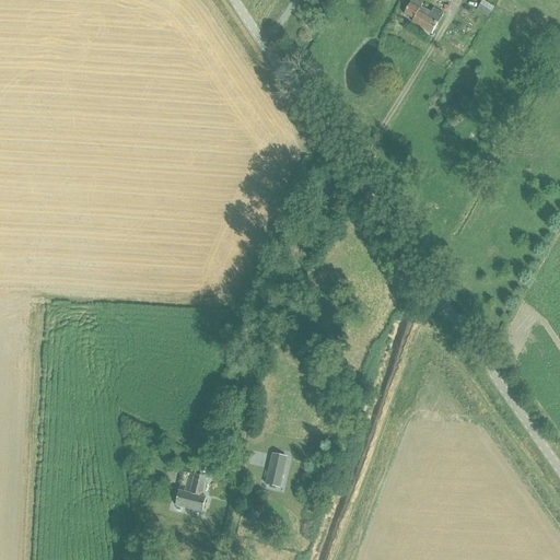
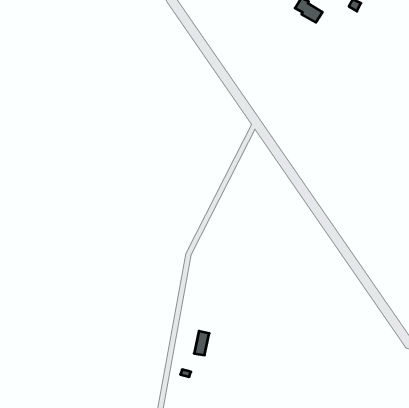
building: [175,471,206,510] -> none

